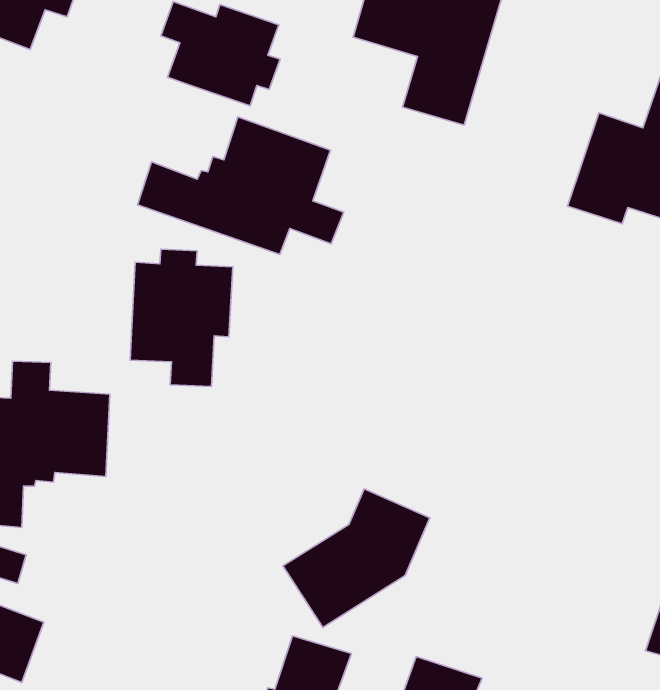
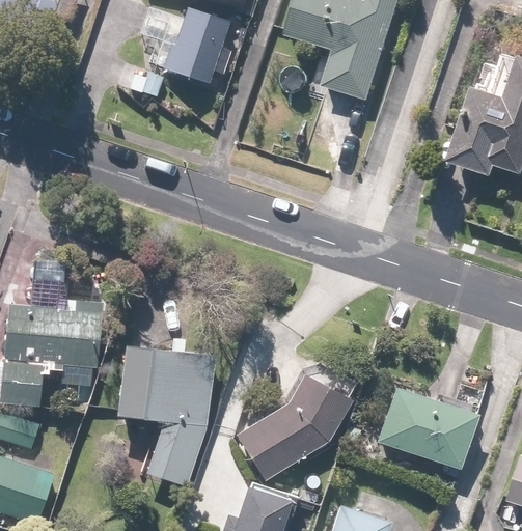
building: [137,117,344,255] -> none
building: [130,249,233,387] -> none
building: none -> [116,350,214,484]
building: none -> [376,389,473,475]

